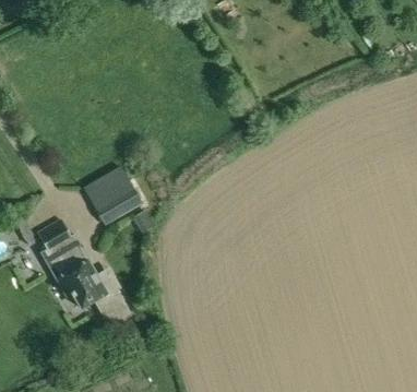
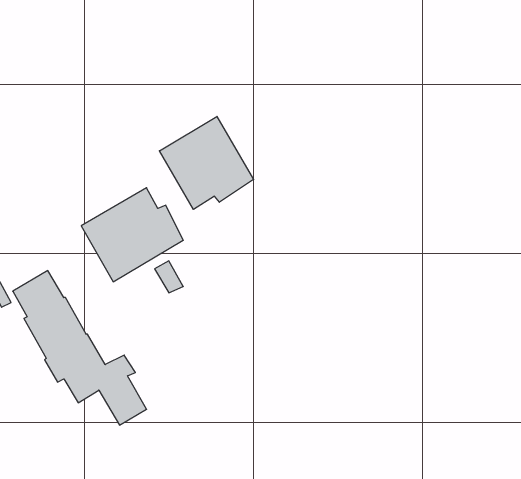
building: none -> [159,116,254,209]

